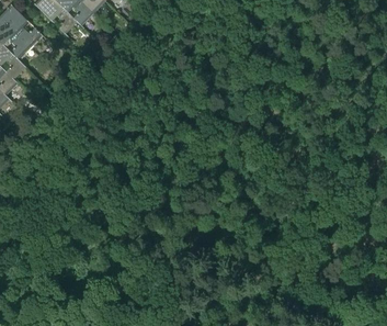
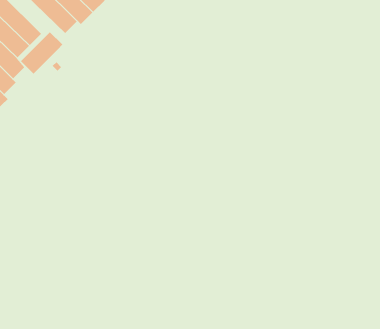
building: none -> [20,31,63,74]

